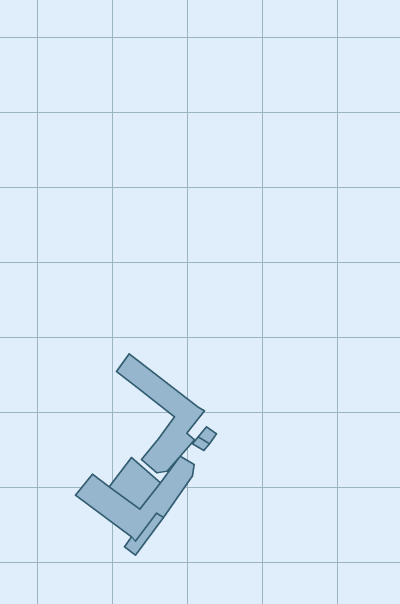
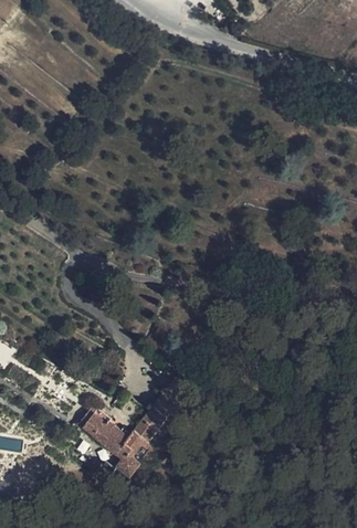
building: [117,354,204,473] -> none

